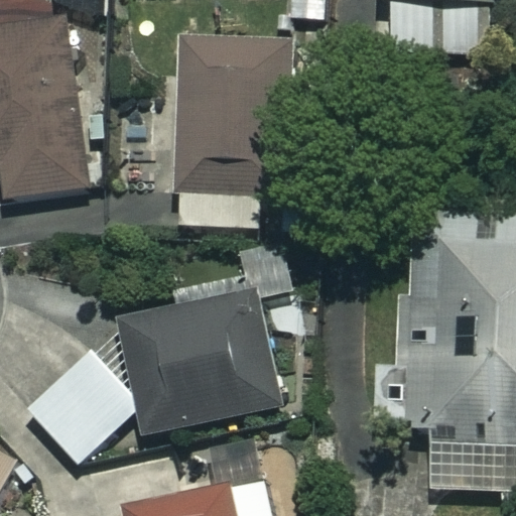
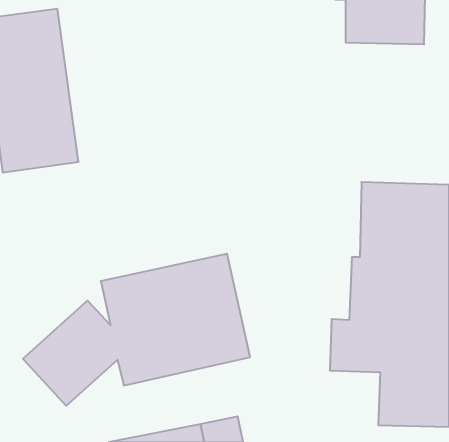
building: [178,39,286,225] -> none

